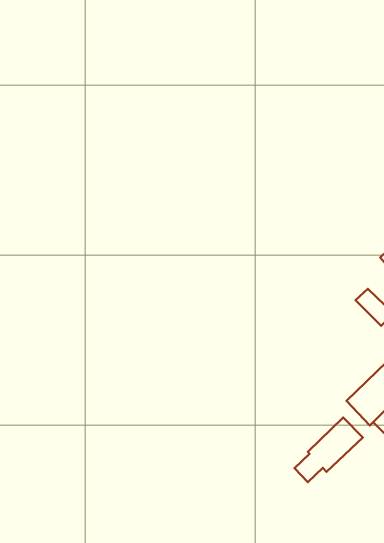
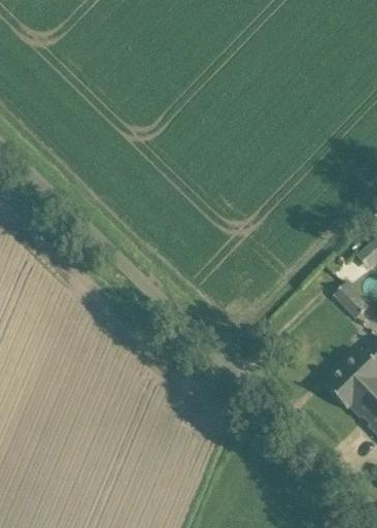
building: [294,417,363,482] -> none

